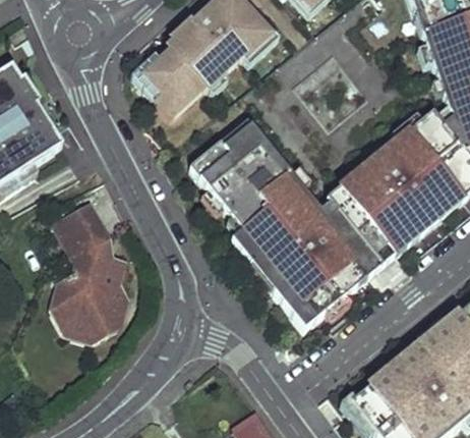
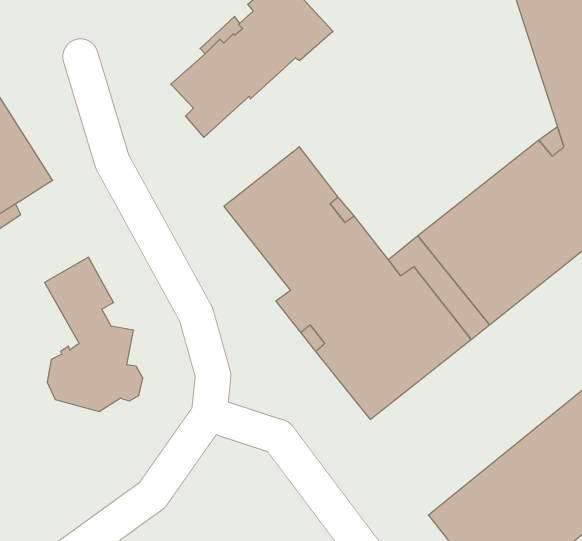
building: [52,299,126,334] -> none

